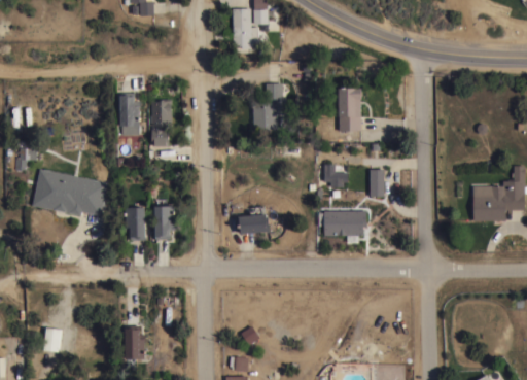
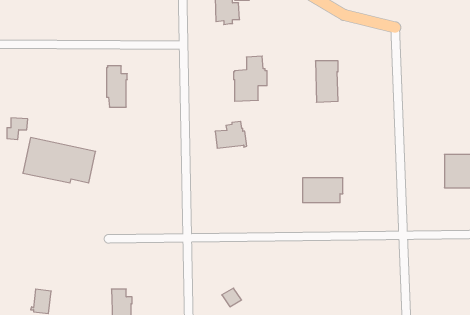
building: [150,100,172,147] -> none
building: [323,165,348,188] -> none
building: [370,170,384,198] -> none
building: [154,207,176,240] -> none
building: [238,207,271,235] -> [215,121,247,148]
building: [125,208,145,241] -> none

